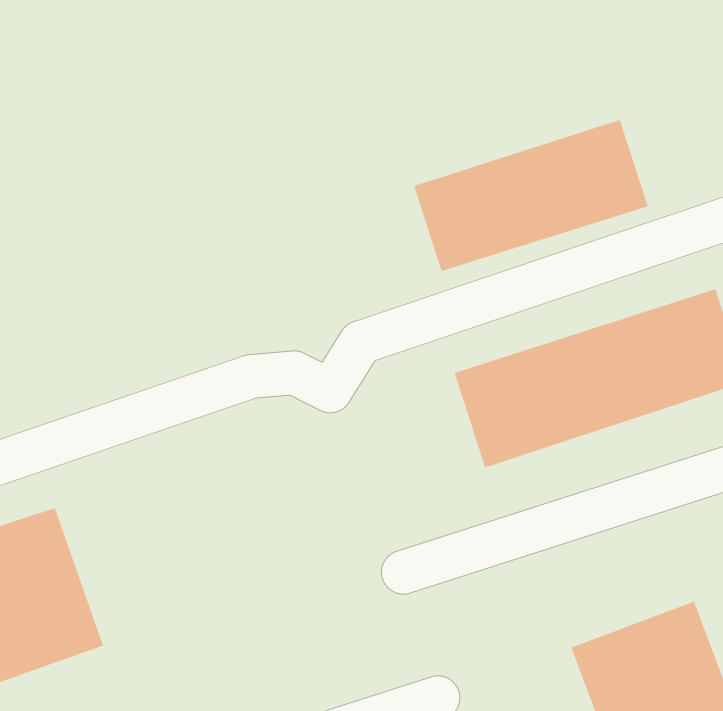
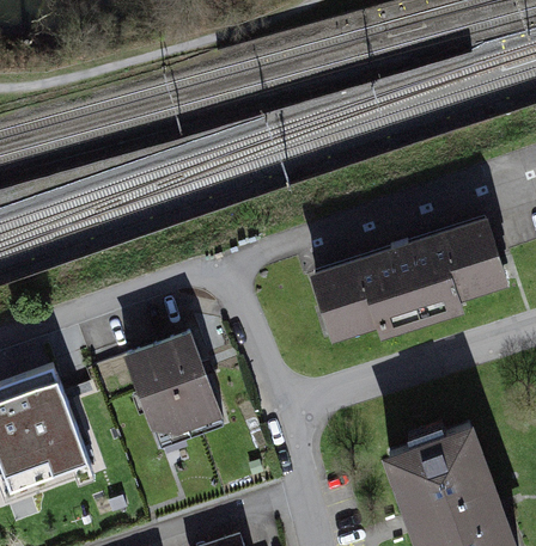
building: [414,119,648,272] -> none
building: none -> [127,333,219,440]

